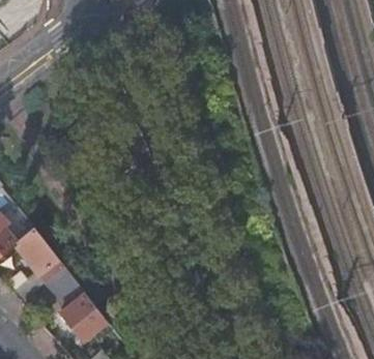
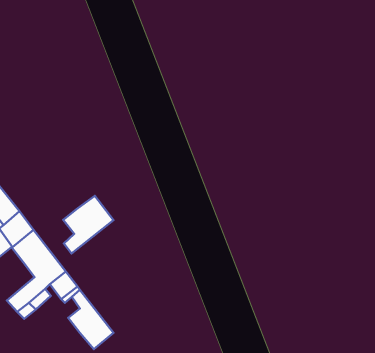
building: none -> [63,196,114,254]

